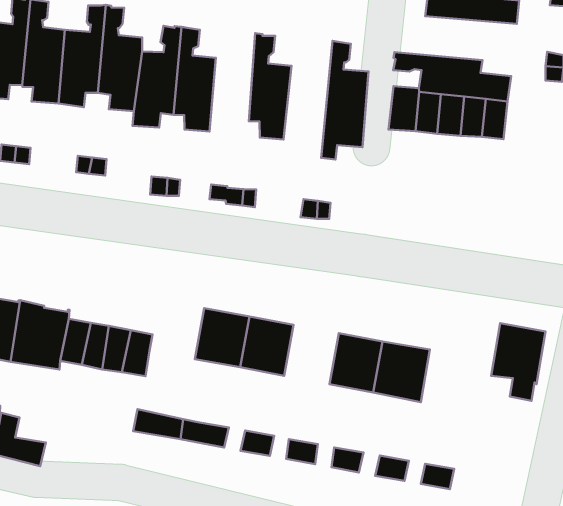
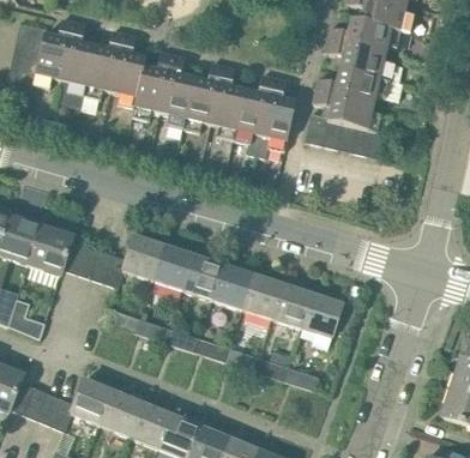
building: none -> [314,68,403,103]
building: none -> [182,64,222,131]
building: none -> [231,74,273,155]
building: none -> [122,236,163,279]
building: [491,323,546,401] -> [301,294,342,349]
building: none -> [211,265,252,308]

